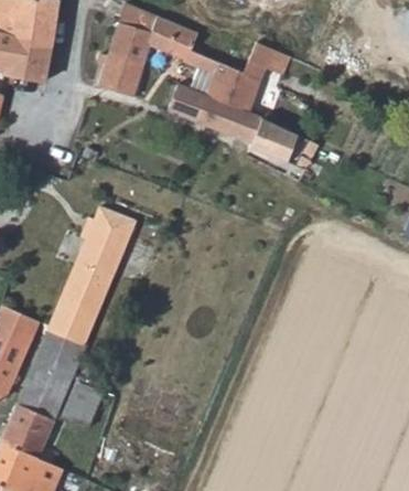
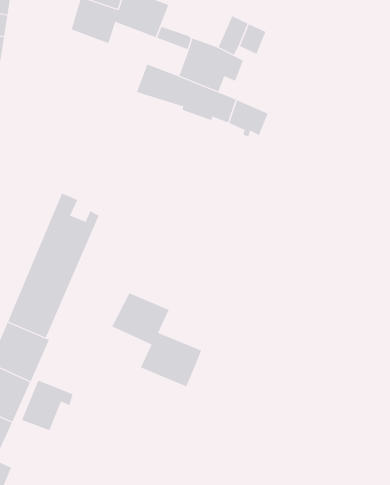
building: [100,54,144,97] -> none
building: none -> [111,293,202,387]

